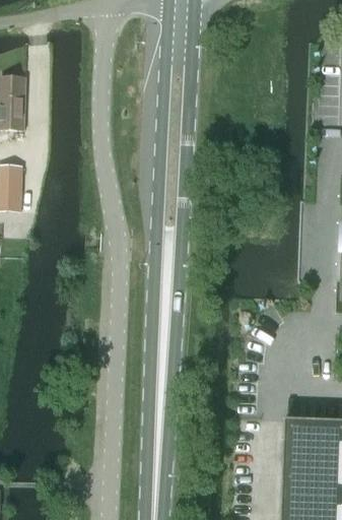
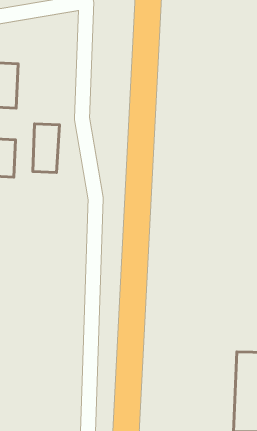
building: none -> [33,124,59,172]

